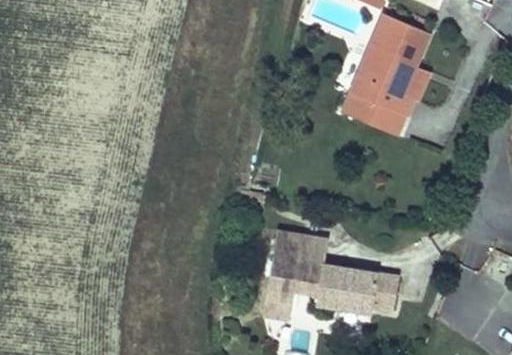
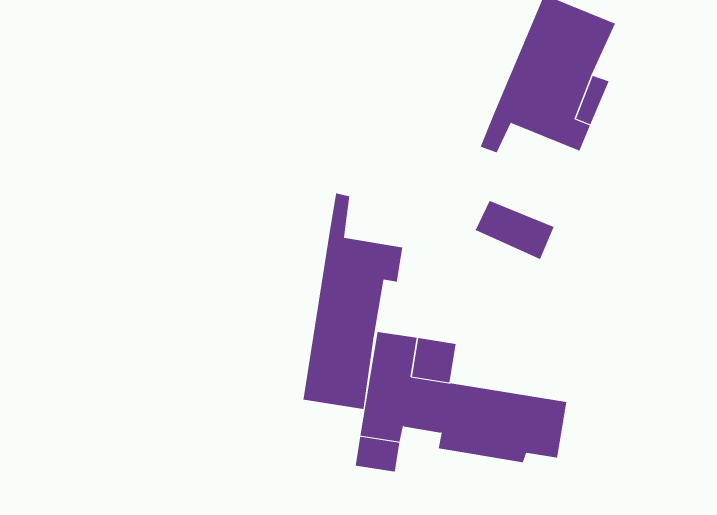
building: [354,97,405,135] -> [475,200,555,260]
building: none -> [303,193,403,410]

